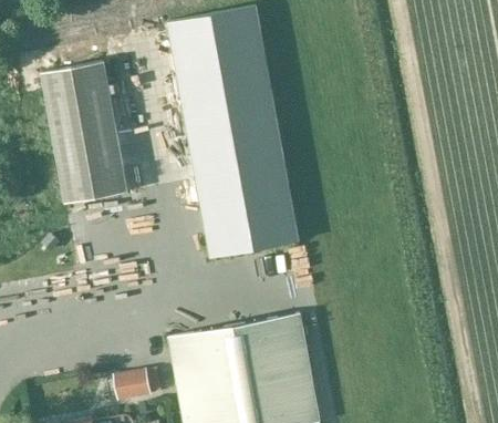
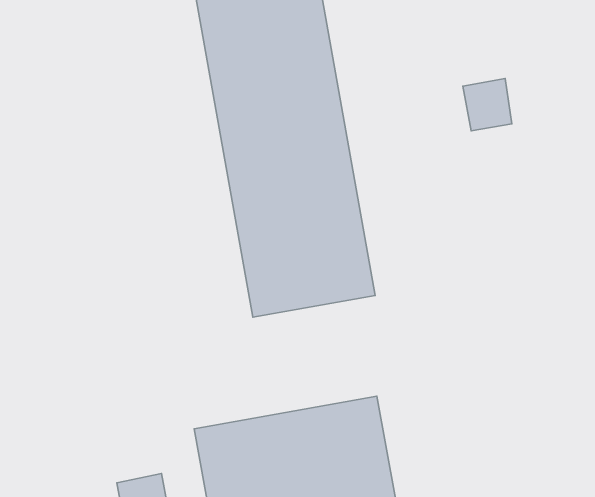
building: [41,62,126,204] -> none
building: none -> [463,79,512,131]

